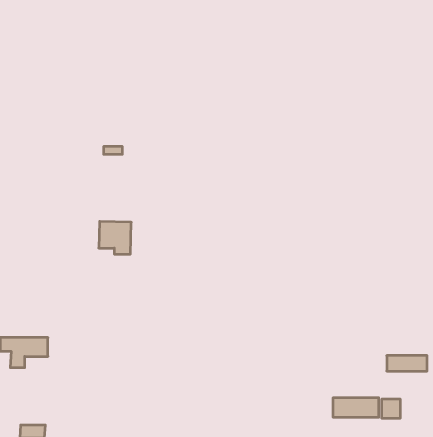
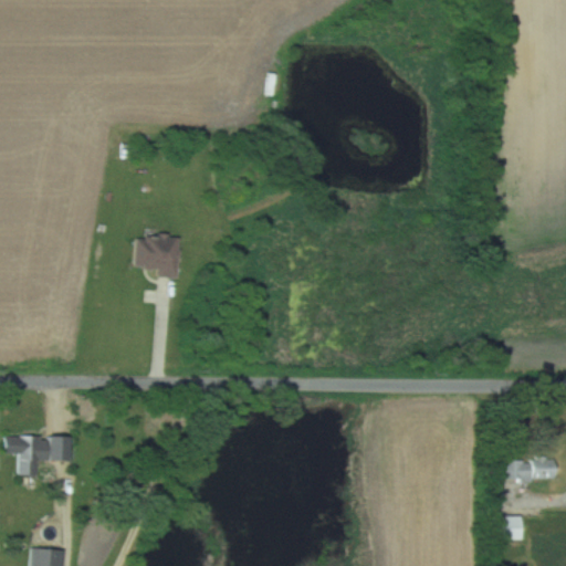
building: [99,221,131,254] -> [137,235,179,277]
building: [333,398,379,417] -> none

